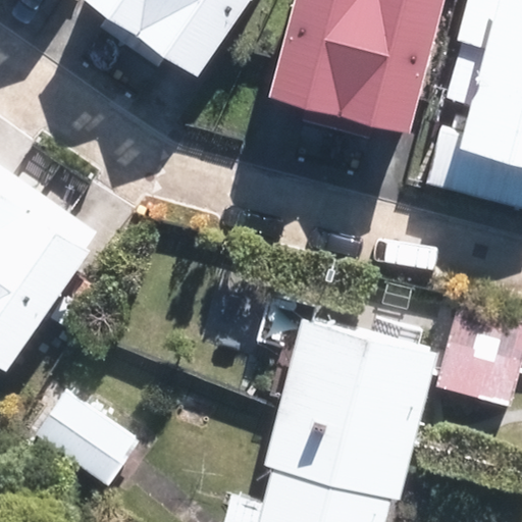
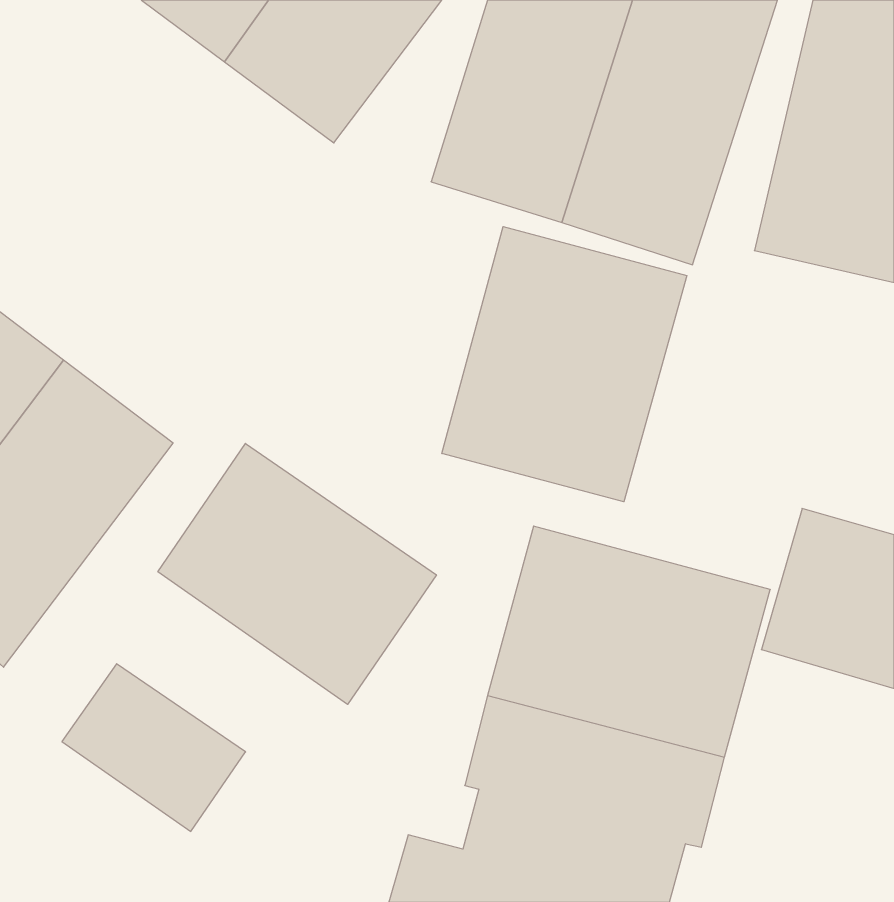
building: none -> [442,227,687,502]
building: none -> [158,443,436,704]

